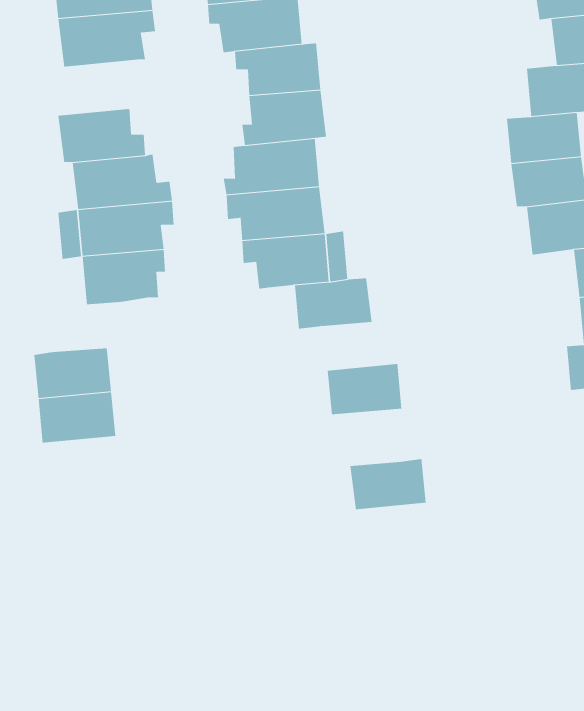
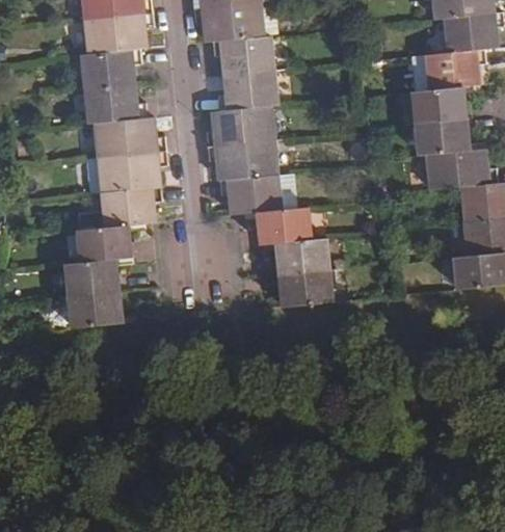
building: none -> [80,48,143,88]
building: none -> [76,224,133,261]
building: [349,459,426,510] -> [275,237,331,274]

